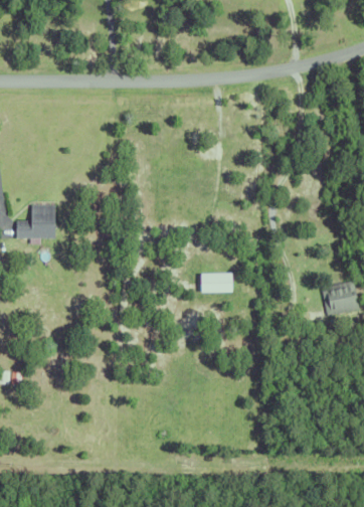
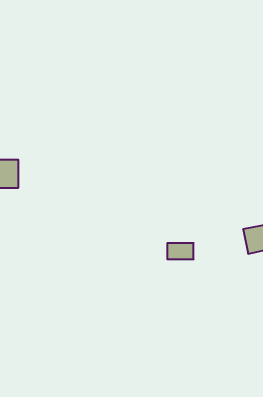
building: [210,276,241,295] -> [167,243,194,259]

